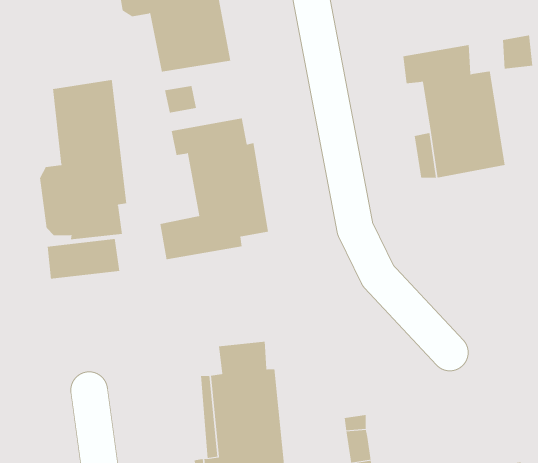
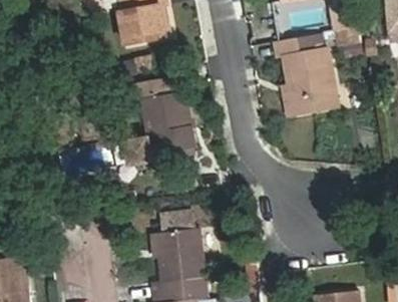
building: [40,79,127,240] -> none

